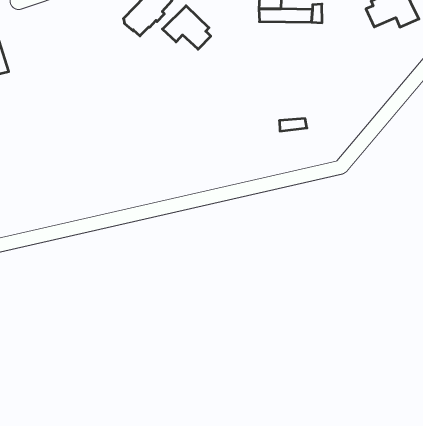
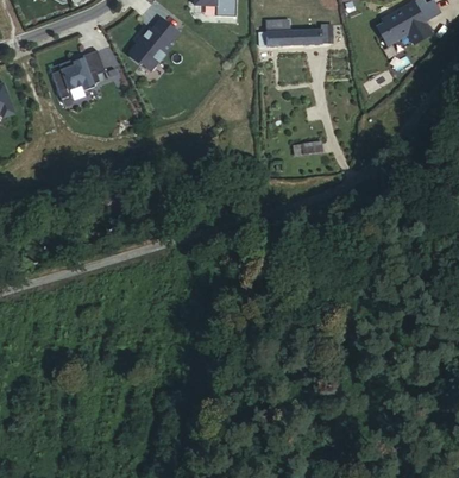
building: [162,6,211,49] -> none
building: none -> [51,48,105,96]

